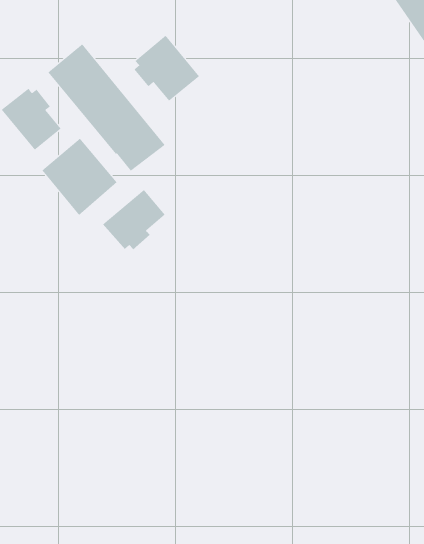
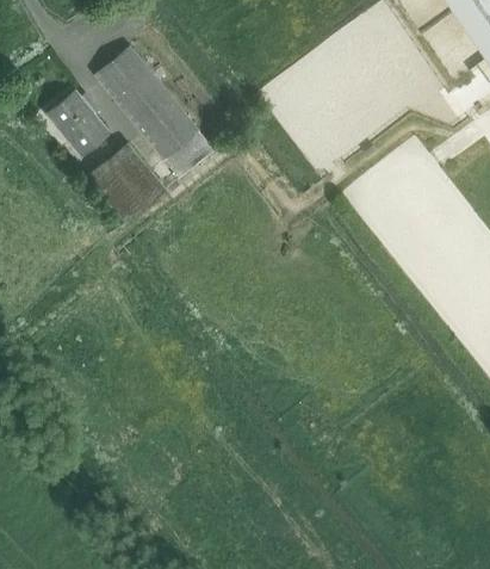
building: [134,35,200,102] -> none
building: [102,189,165,250] -> none

